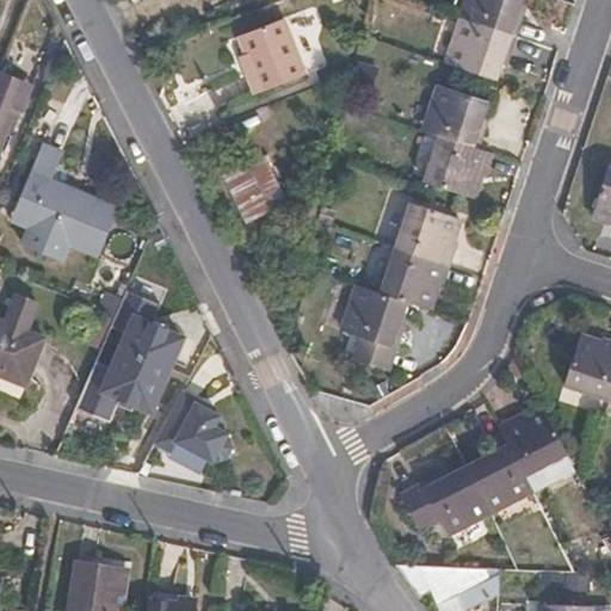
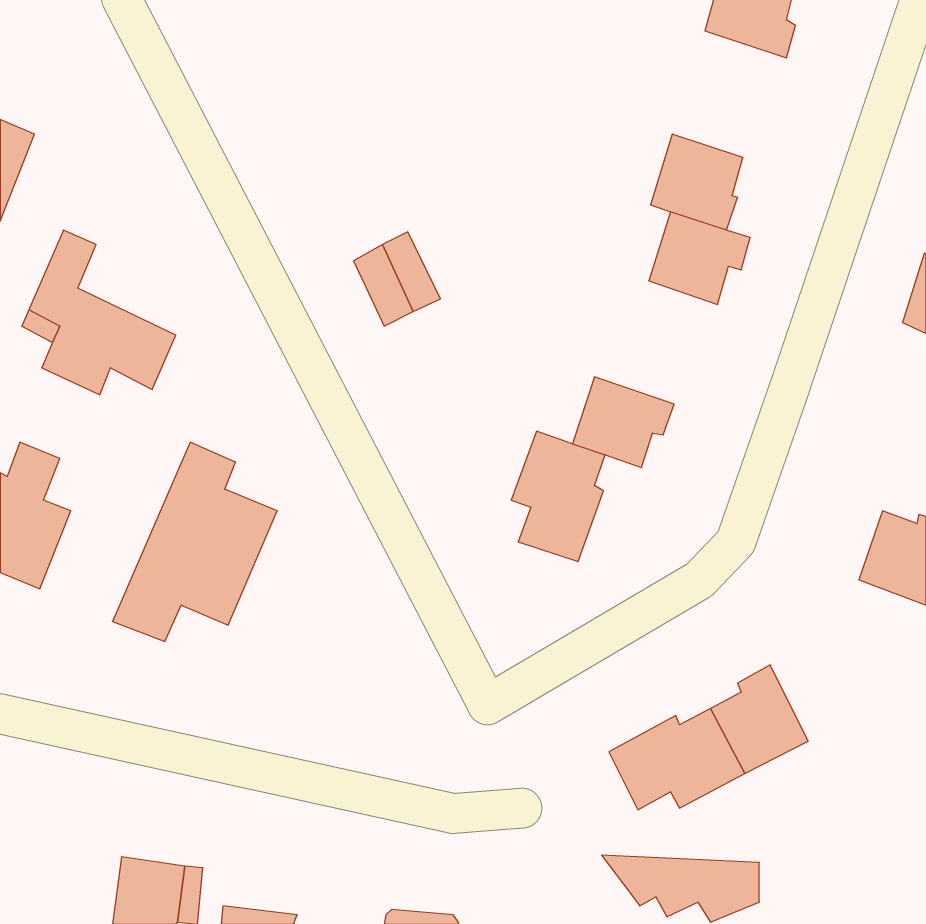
building: [449,20,518,81] -> none
building: [240,24,308,99] -> none
building: [391,202,455,266] -> none
building: [153,390,230,462] -> none
building: [501,408,576,489] -> none

